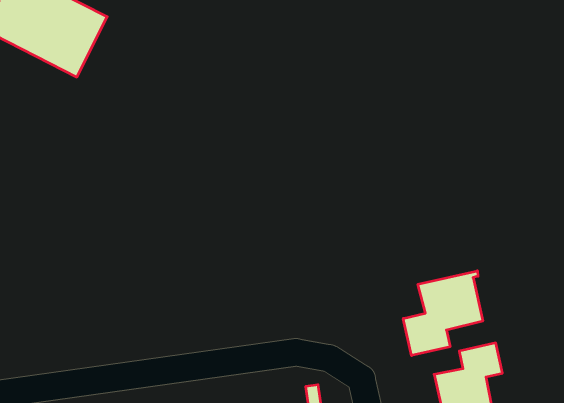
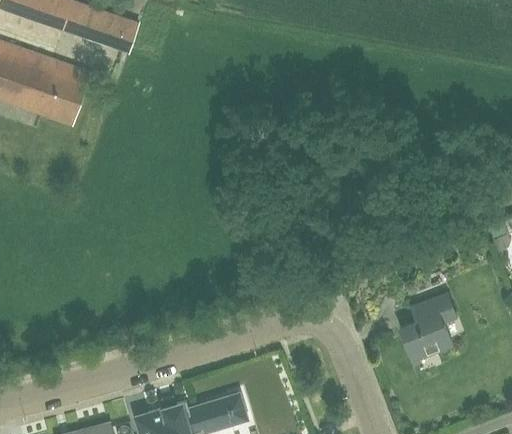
building: [403,271,483,356] -> none

